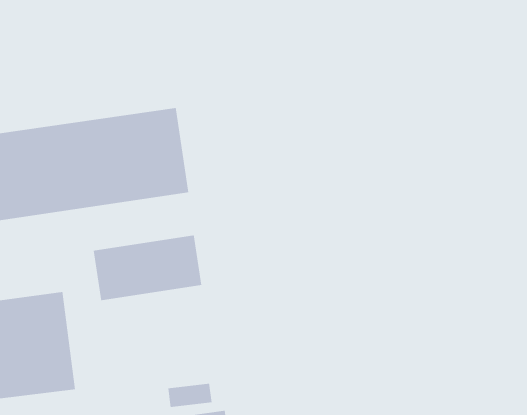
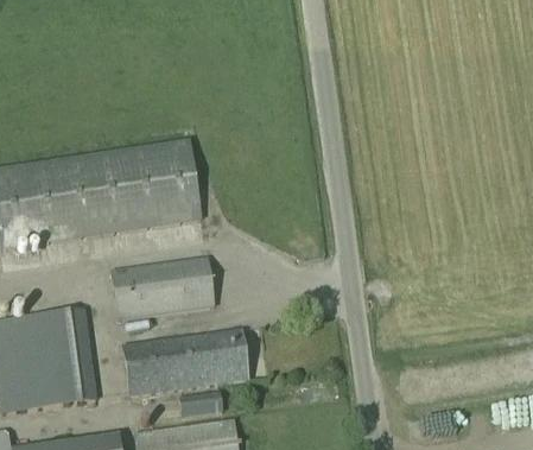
building: none -> [122,329,247,394]

